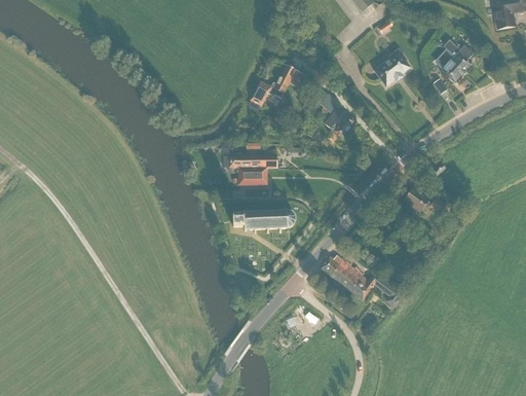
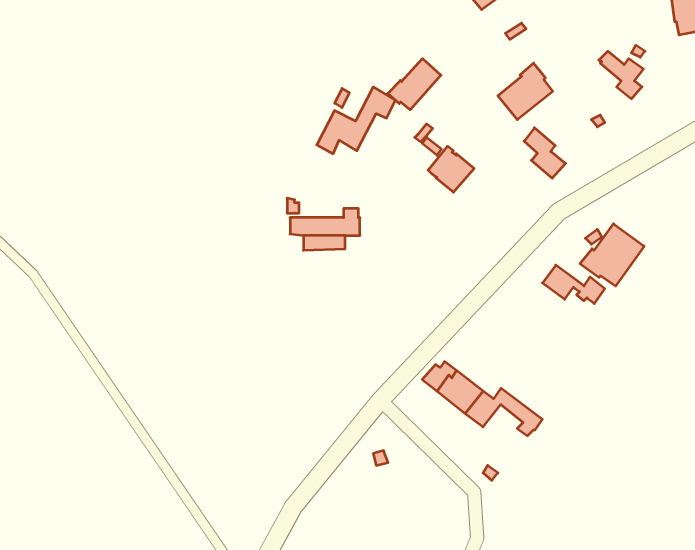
building: none -> [388,59,441,110]
building: [437,47,465,82] -> [524,128,566,178]
building: none -> [580,224,644,286]
building: [232,209,295,231] -> none

